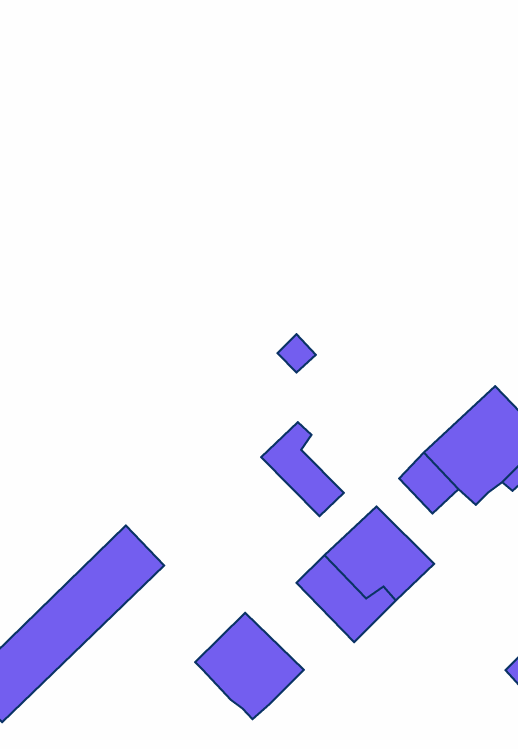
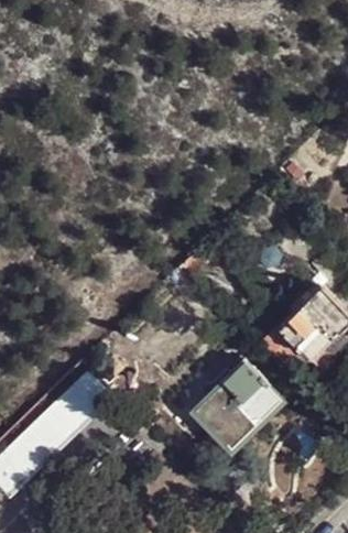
building: [261,422,344,516] -> none
building: [195,613,304,719] -> none

